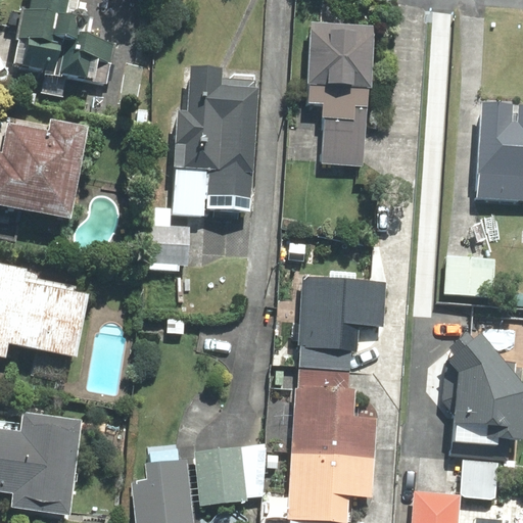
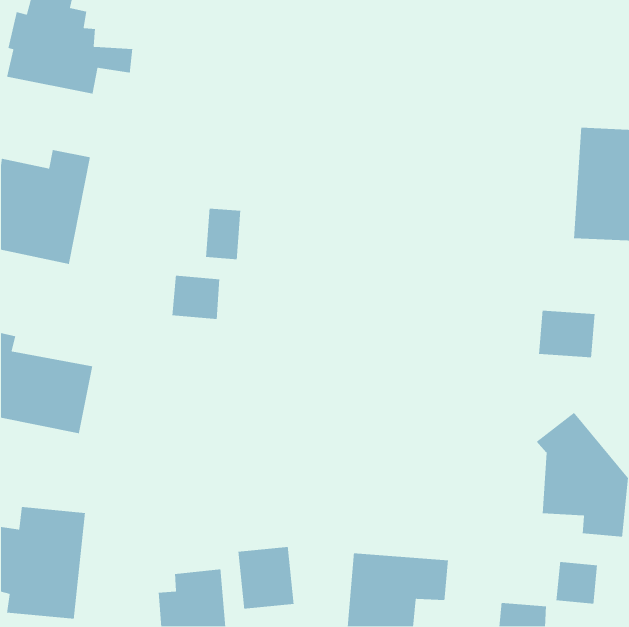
building: [306,27,370,159] -> none
building: [173,69,256,170] -> none
building: [206,173,250,208] -> none
building: [300,279,383,367] -> none
building: [296,369,378,456] -> none

